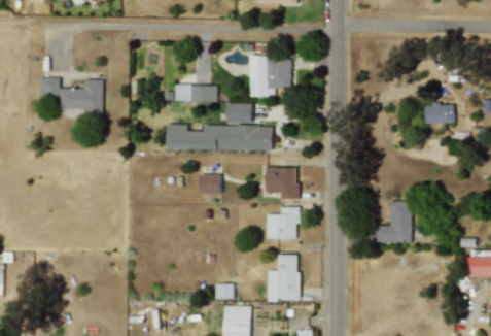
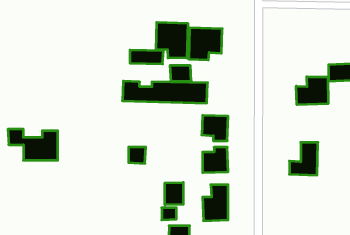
building: none -> [156,22,188,58]
building: [40,77,103,116] -> [8,129,58,160]
building: none -> [296,77,328,105]
building: [200,174,221,195] -> [129,147,146,163]
building: none -> [165,182,183,205]

